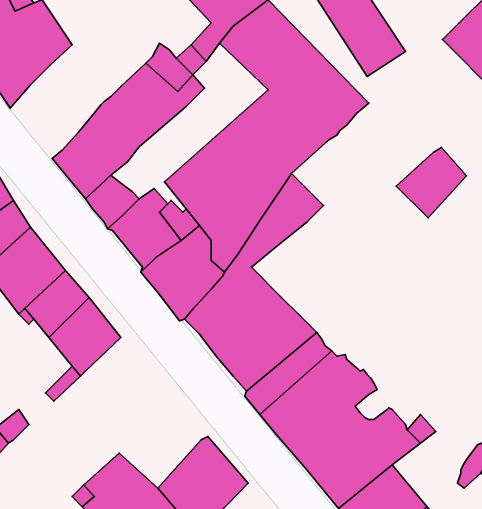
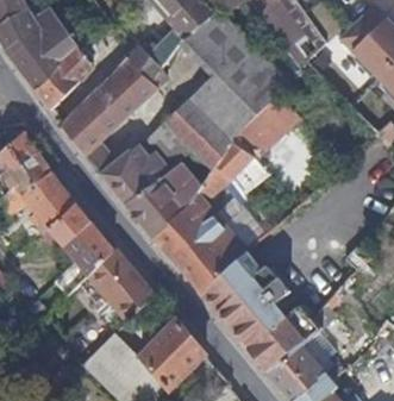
building: none -> [35,43,95,107]
building: [396,148,467,218] -> [234,107,284,157]
building: none -> [88,251,152,320]

